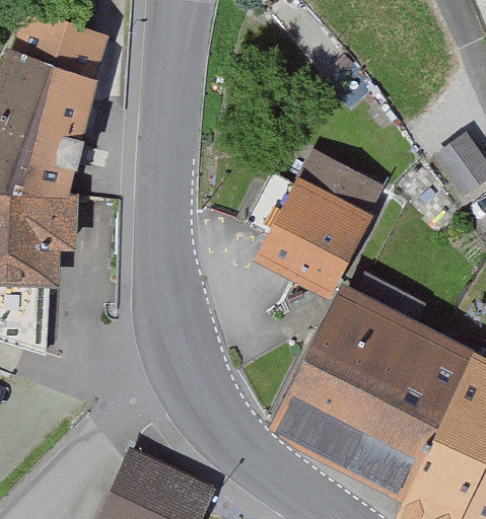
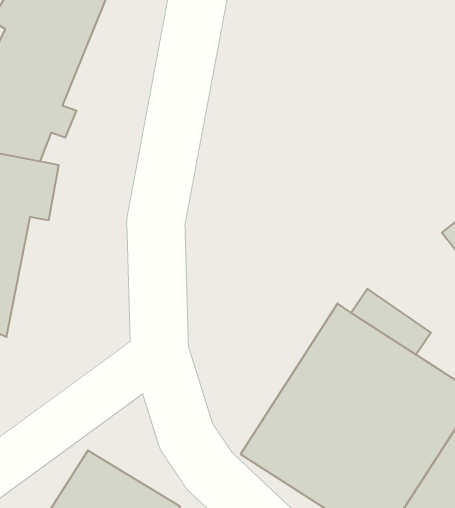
building: [247,157,376,287] -> none

